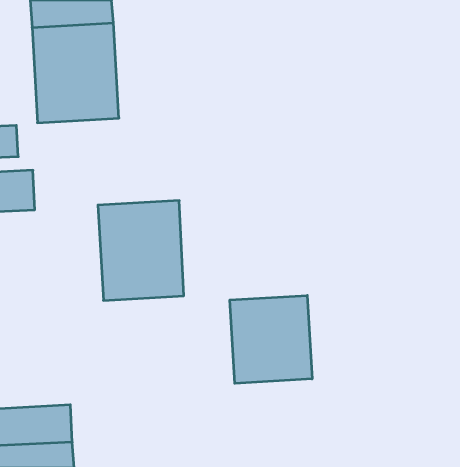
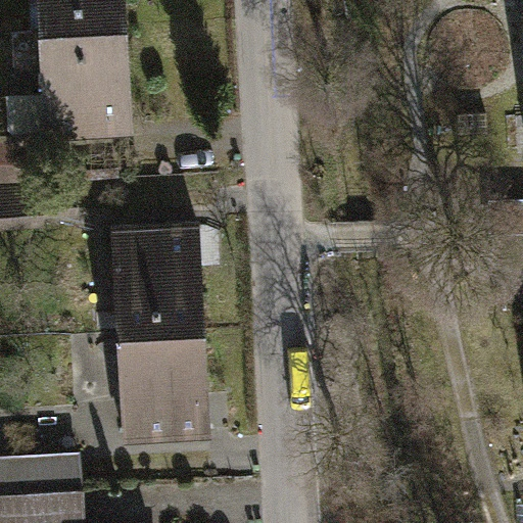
building: [230,295,312,383] -> none
building: none -> [115,331,211,442]

